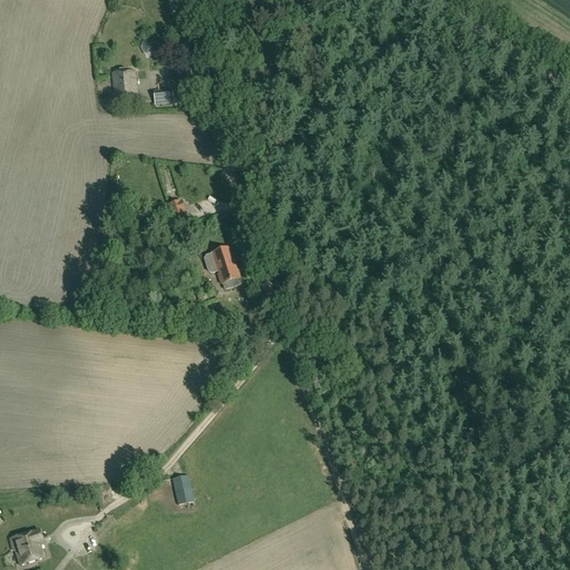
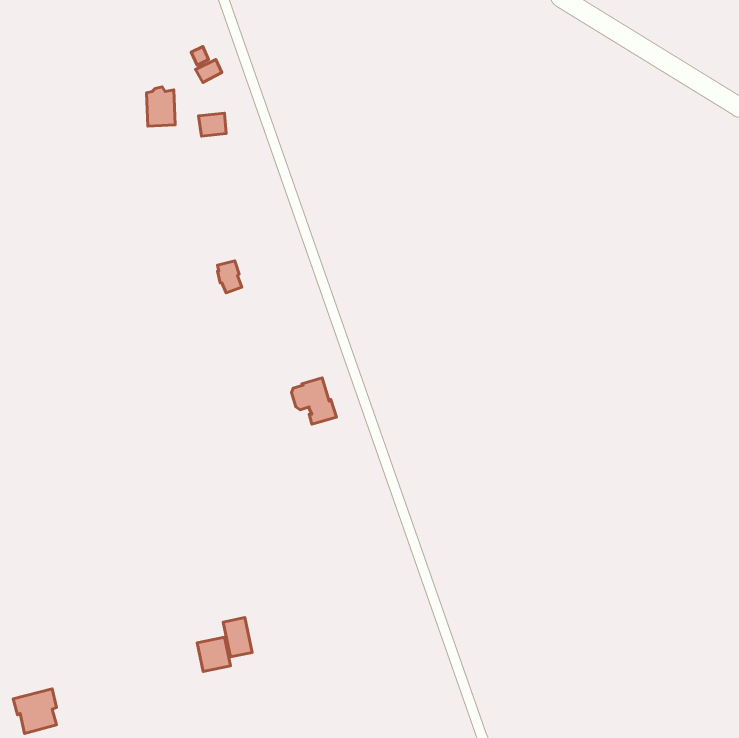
building: [205,247,239,283] -> [292,378,337,424]
building: none -> [197,637,230,672]

